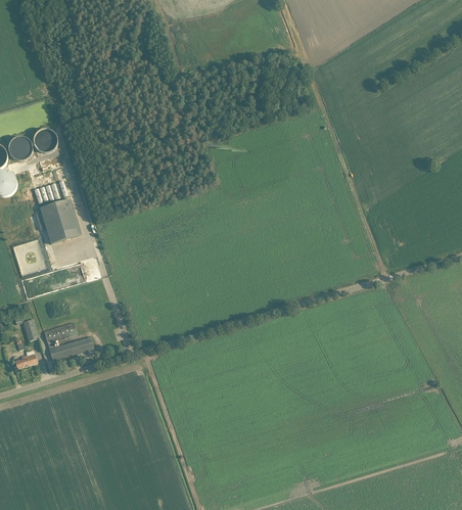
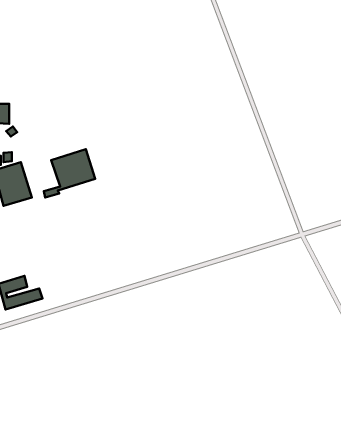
building: none -> [44,149,95,198]

